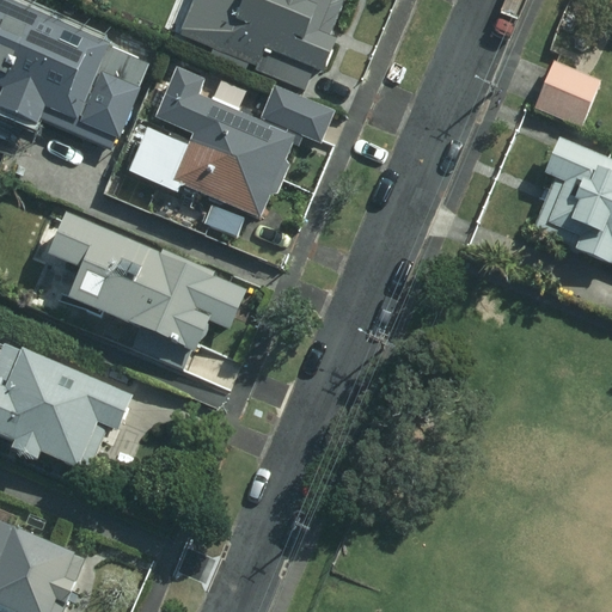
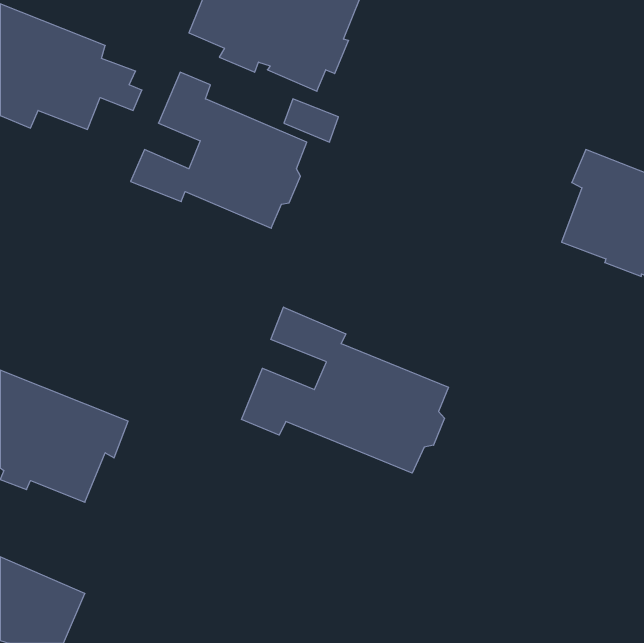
building: [536,60,601,127] -> none
building: [42,215,243,363] -> none
building: none -> [242,307,449,473]

